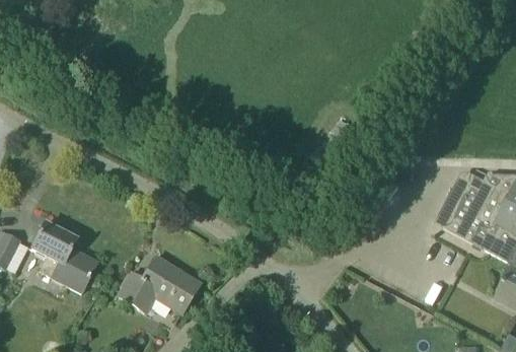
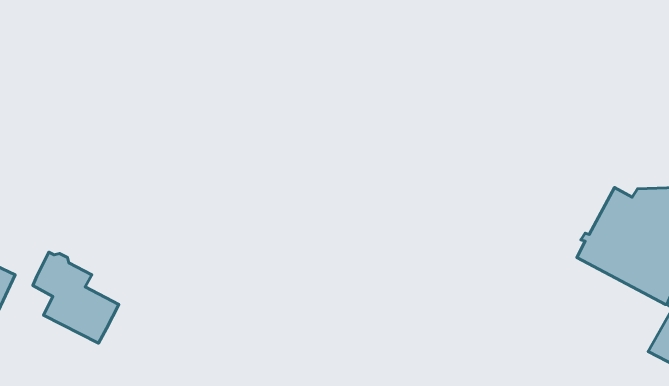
building: [120,257,201,312] -> none

